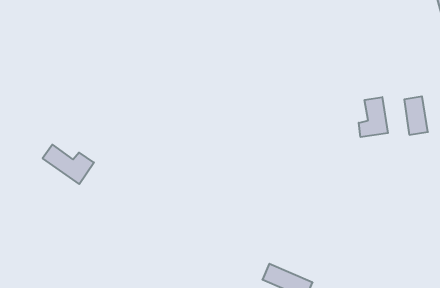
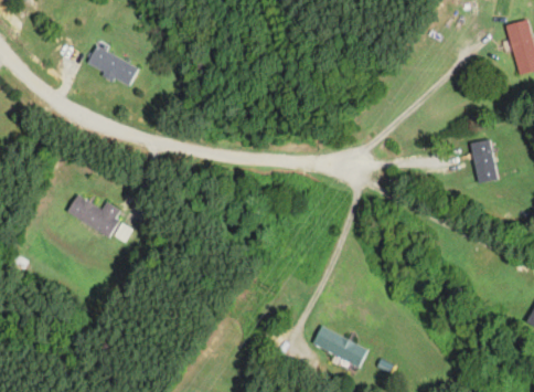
building: none -> [87,45,138,87]
building: [359,97,388,137] -> none

